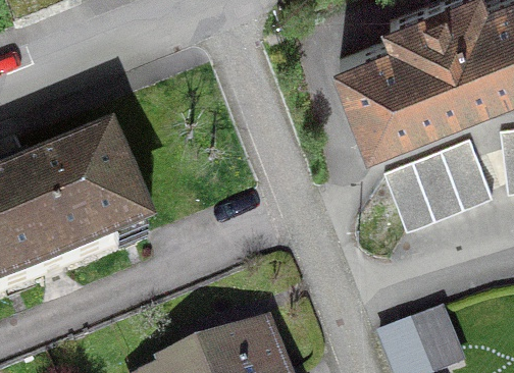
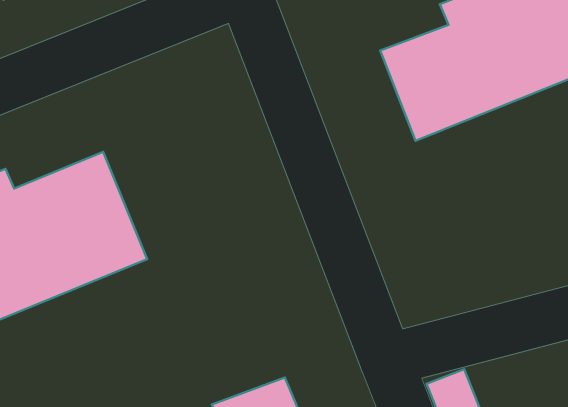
building: [382,134,492,224] -> none

